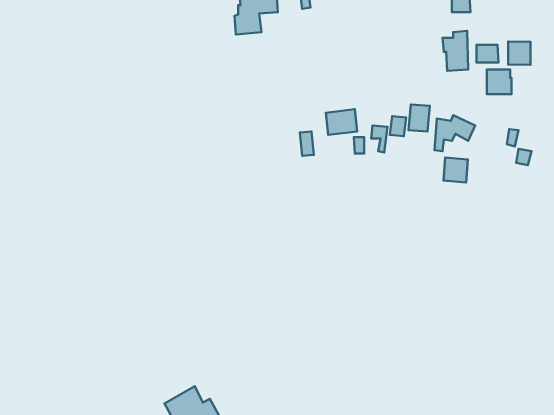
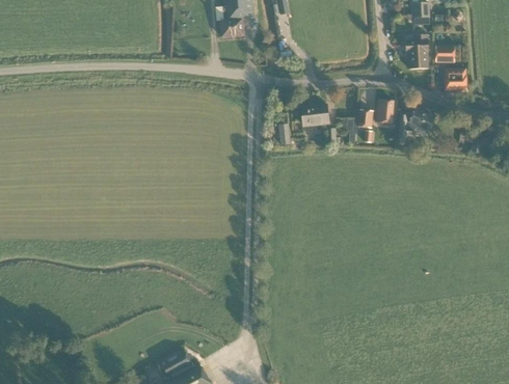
building: [508,42,531,65] -> none
building: [443,157,468,183] -> none

